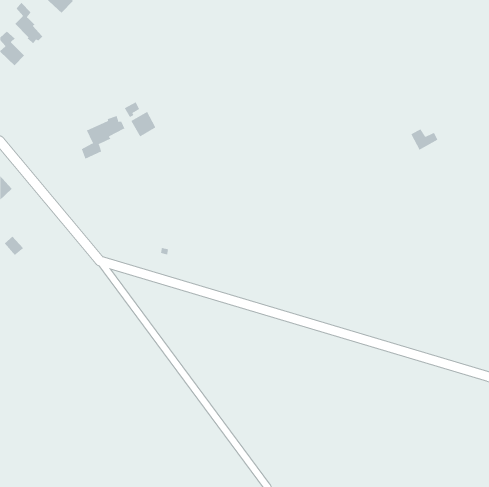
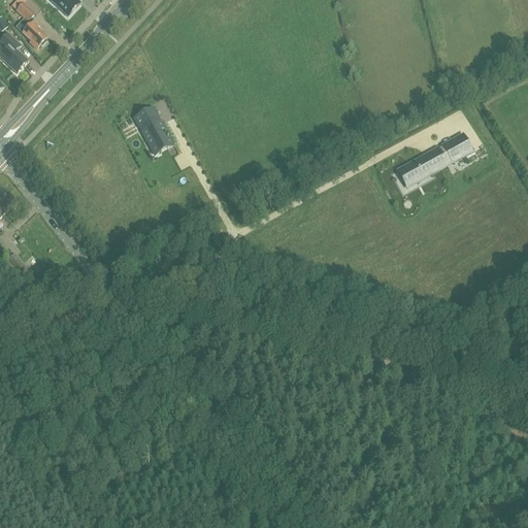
building: [81,115,125,160] -> none
building: none -> [396,146,447,179]

